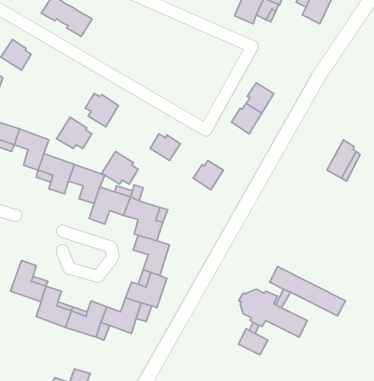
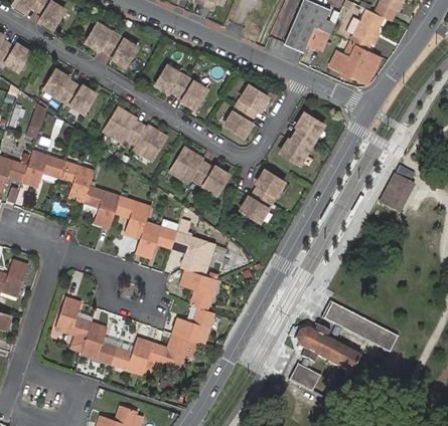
building: none -> [332,43,381,81]
building: none -> [155,65,207,109]
building: none -> [65,83,98,113]
building: none -> [226,85,269,137]
building: [56,117,92,149] -> [104,106,140,139]
building: none -> [257,171,285,202]
building: [102,152,138,184] -> [169,147,206,180]

